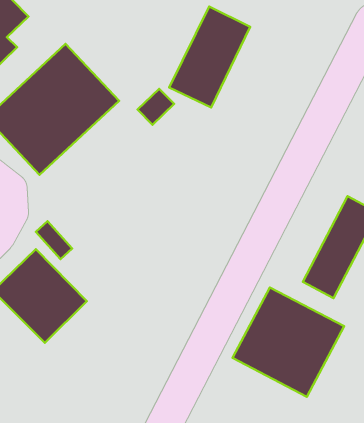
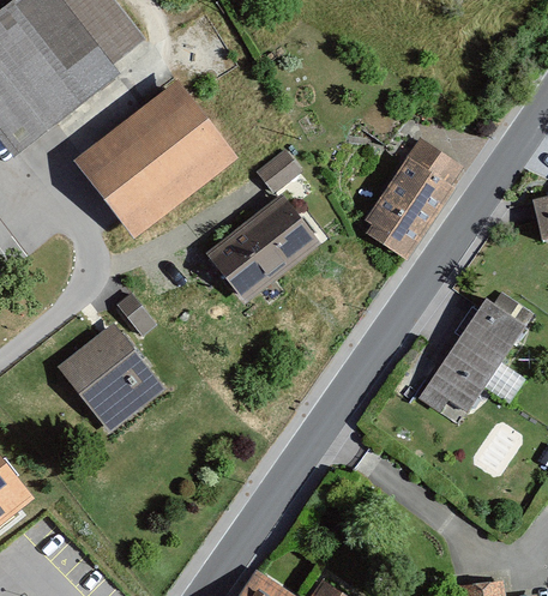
building: [169,7,250,108] -> [355,140,460,260]
building: none -> [203,195,320,306]
building: [232,287,344,397] -> none

